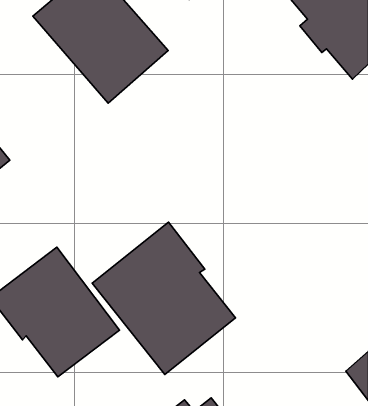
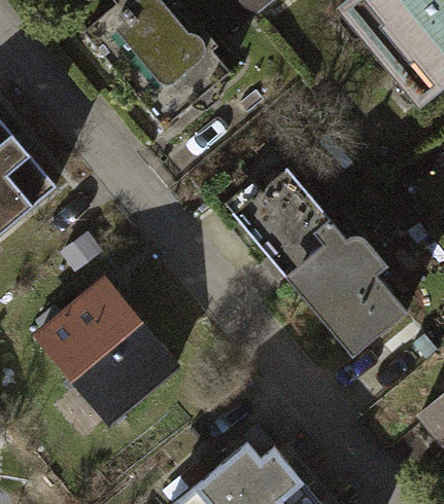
building: none -> [241,176,402,353]
building: [92,222,235,375] -> none

